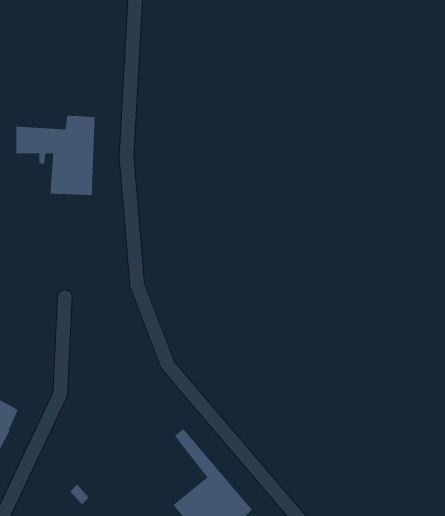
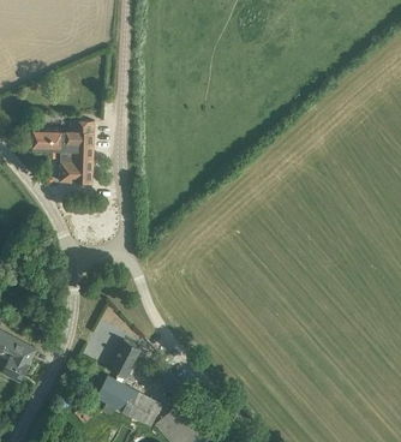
building: none -> [107,340,139,377]
building: none -> [95,375,155,423]

